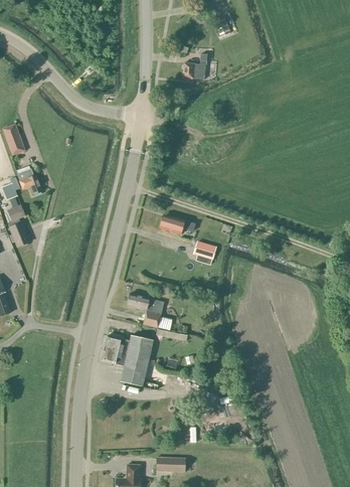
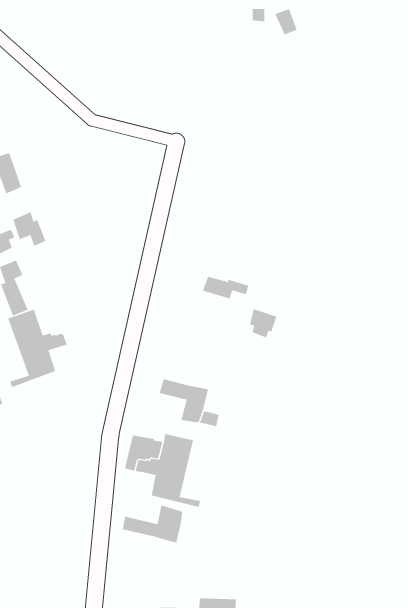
building: [183,52,208,78] -> none
building: none -> [7,309,68,388]
building: none -> [122,505,183,543]

